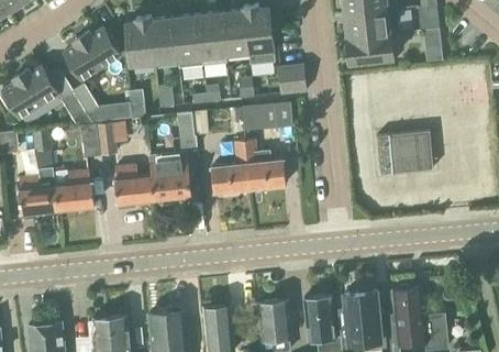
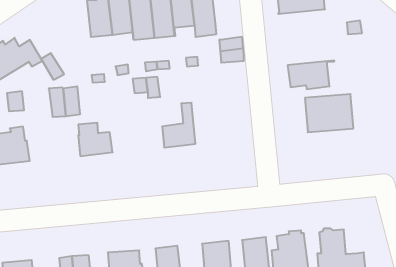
building: [63,28,120,80] -> none
building: [345,33,399,66] -> [288,61,334,89]
building: [241,101,295,147] -> none
building: [245,141,286,188] -> none
building: [149,152,190,198] -> none
building: [55,169,95,208] -> none

